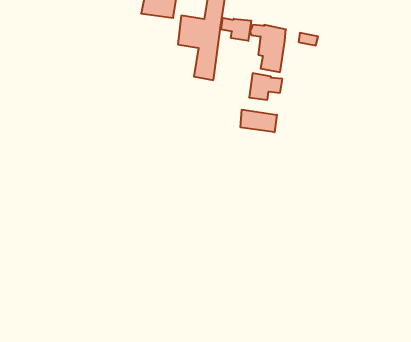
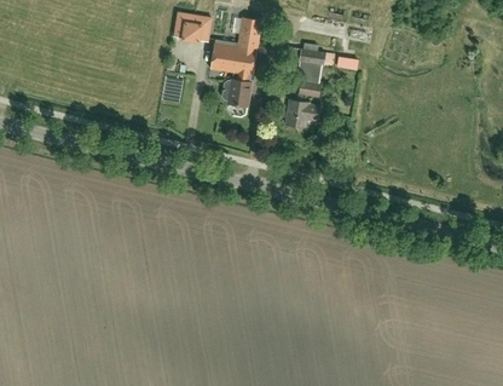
building: [221,18,251,41] -> none
building: [241,110,277,132] -> none

